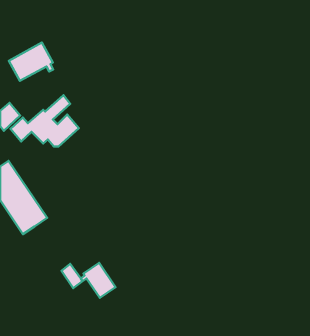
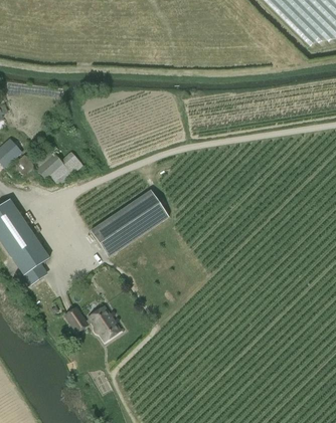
building: [9,43,53,81] -> none
building: none -> [90,189,168,256]

